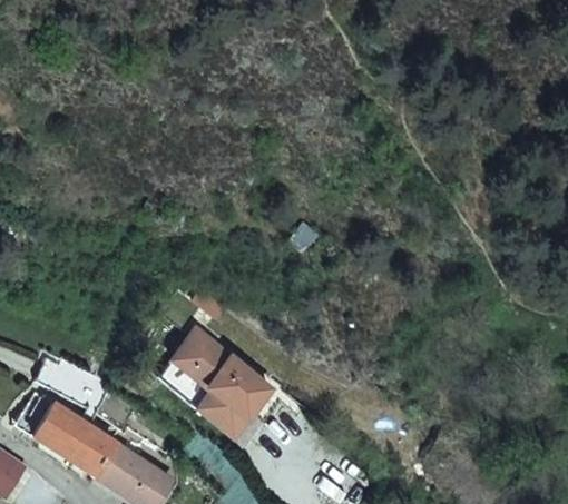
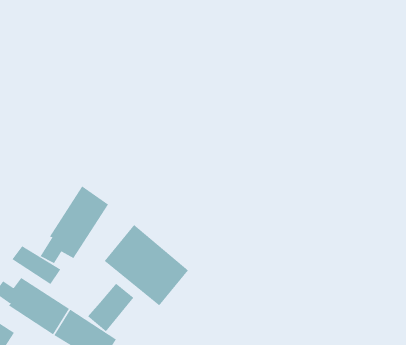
building: none -> [40,186,109,264]
building: none -> [87,283,134,332]

